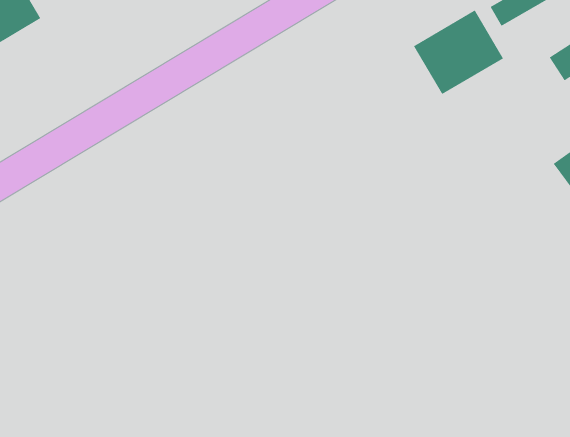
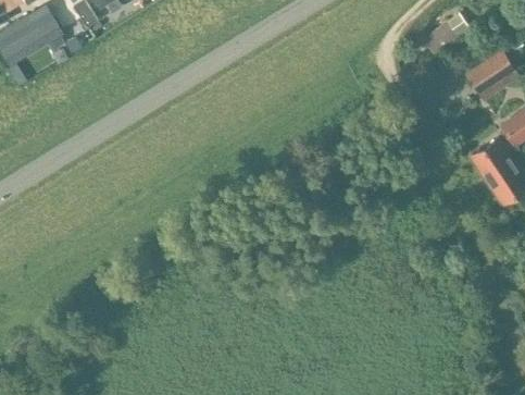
building: [413,10,504,95] -> none

